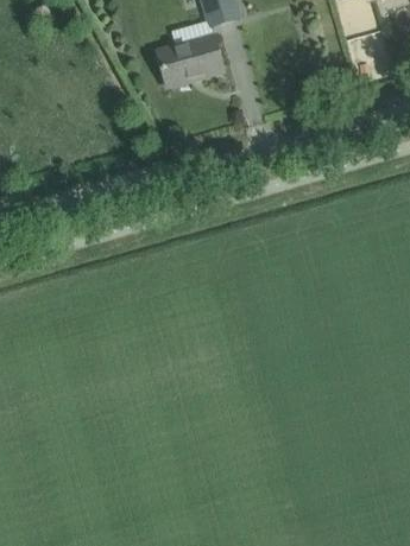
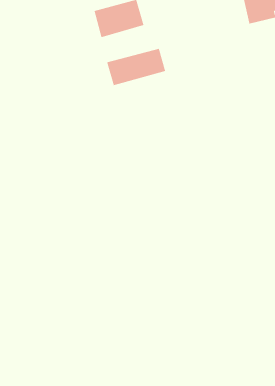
building: none -> [106,48,166,86]

